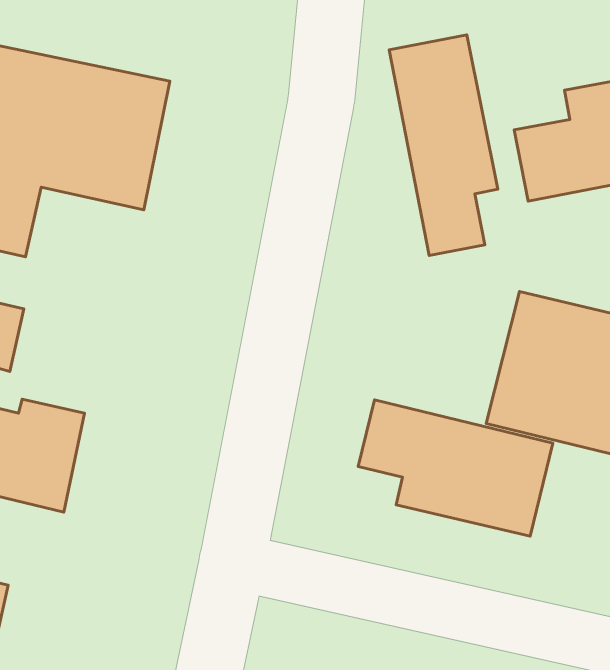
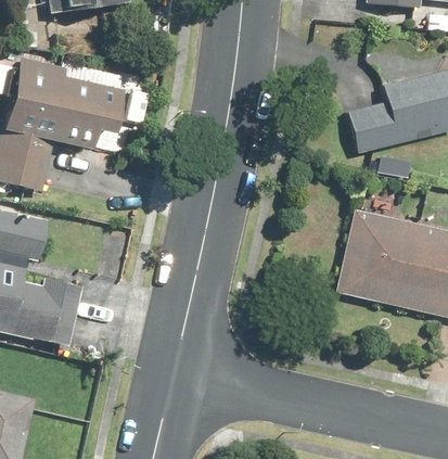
building: [389,35,498,256] -> none
building: [358,400,553,536] -> none

